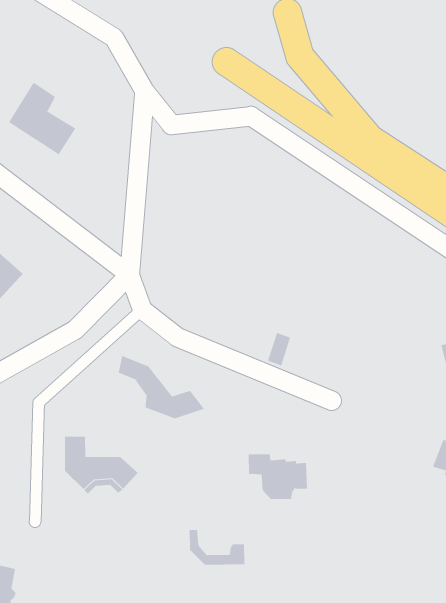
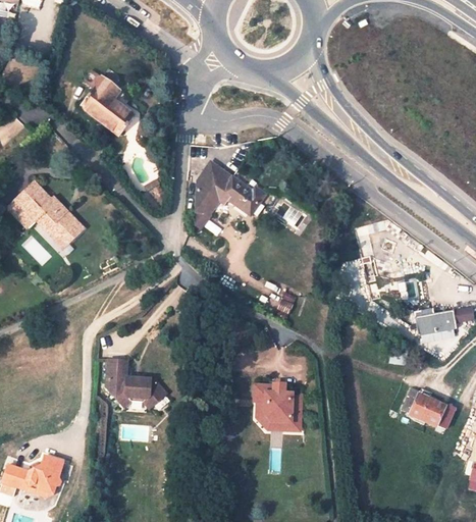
building: none -> [195,162,265,213]
building: [118,355,205,419] -> none
building: [189,529,245,565] -> [254,402,299,433]

